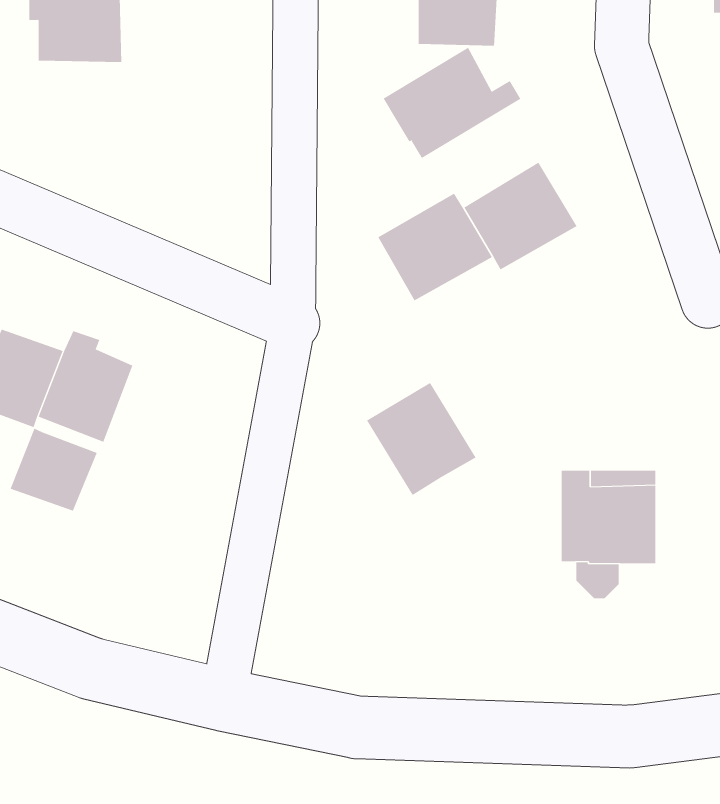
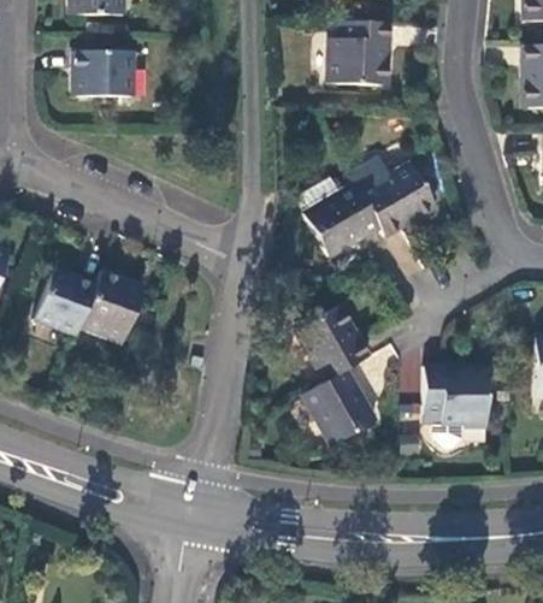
building: [383,47,521,159] -> none
building: [10,428,97,511] -> none
building: none -> [303,368,376,443]

